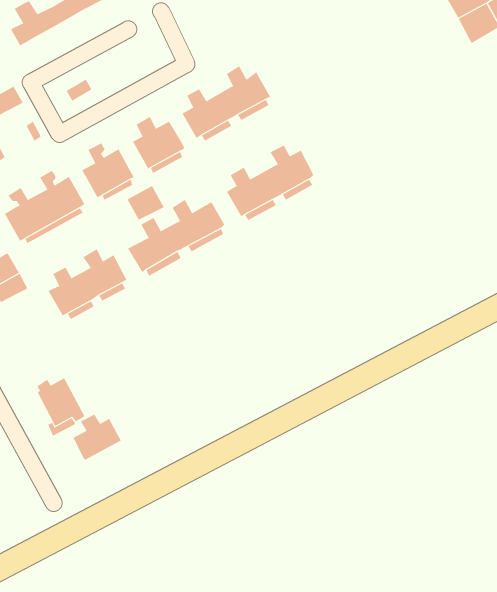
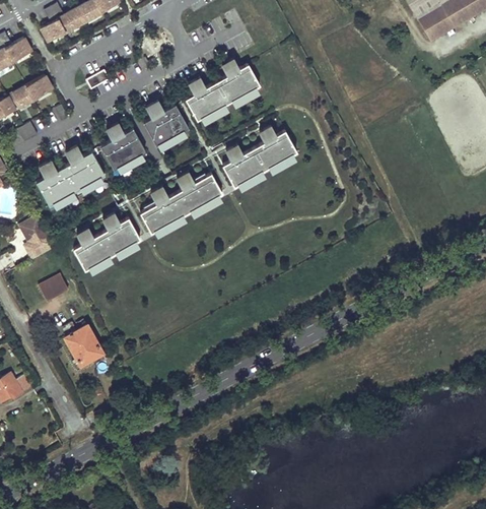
building: [127,185,165,221] -> none
building: none -> [39,276,67,302]
building: [73,414,121,460] -> none

